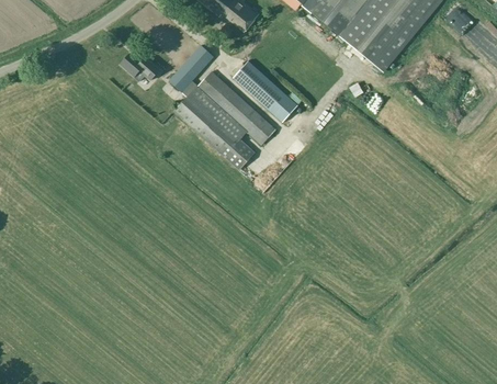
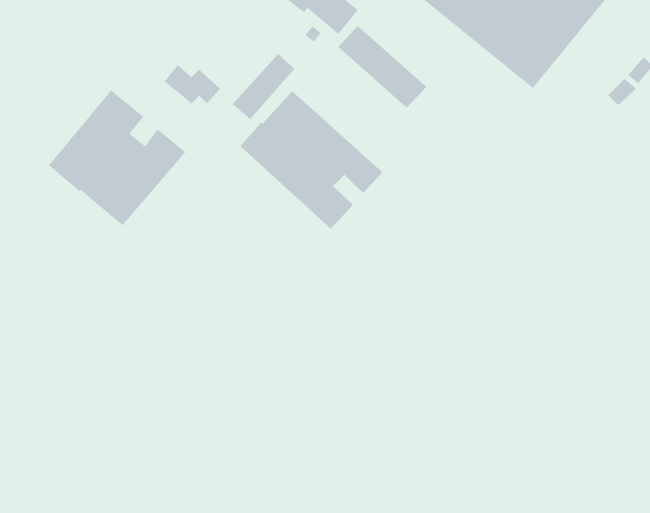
building: [234,63,297,122] -> [337,25,427,109]
building: none -> [48,90,186,226]

